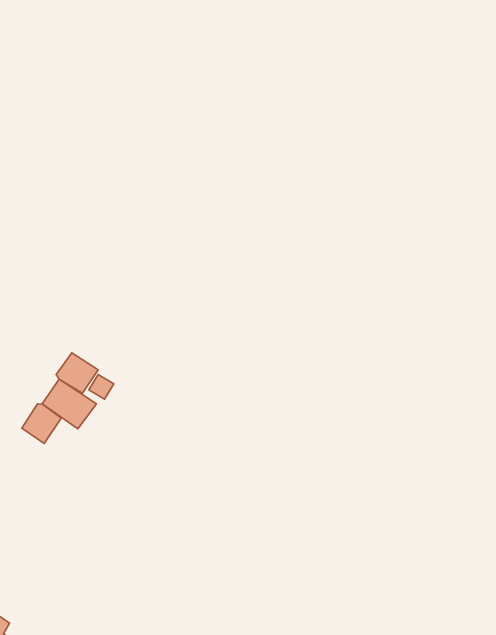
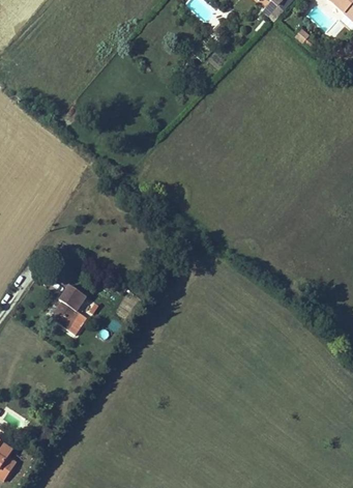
building: [22,404,61,444] -> none

